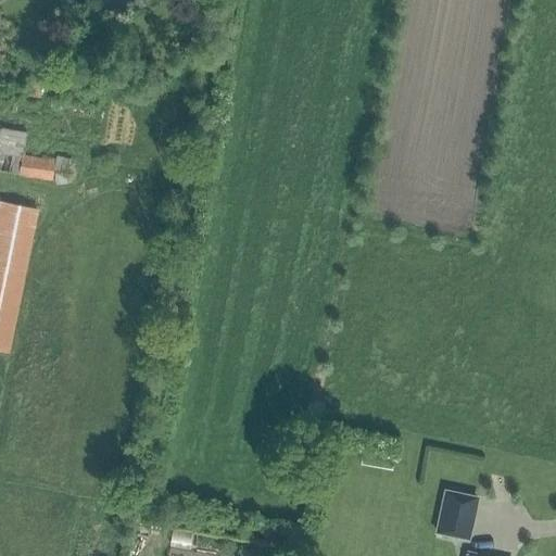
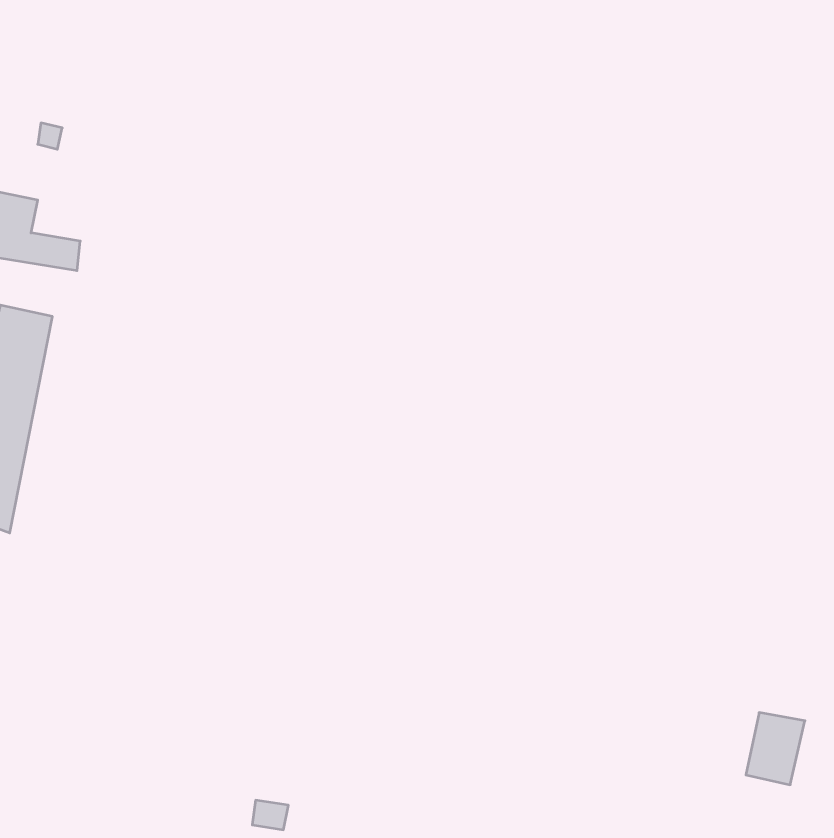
building: [434,491,473,539] -> [746,713,805,785]

